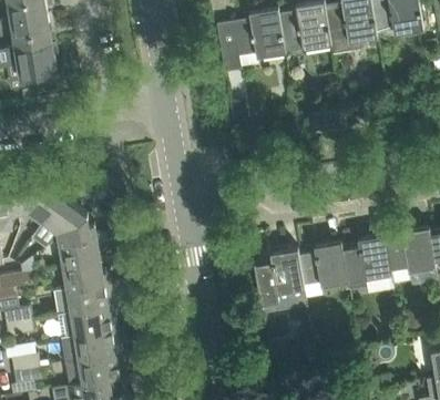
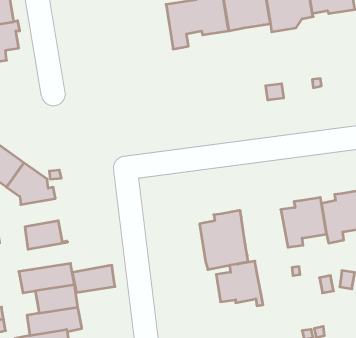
building: [58,236,99,267] -> none
building: [298,242,349,290] -> [216,261,263,306]
building: [65,284,112,314] -> [72,265,115,293]

